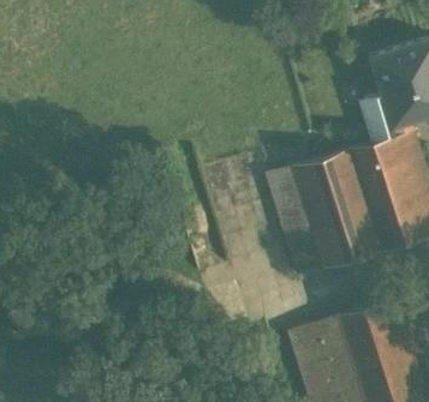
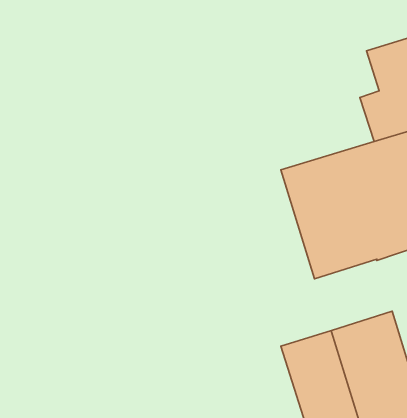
building: [266,167,320,275] -> none

